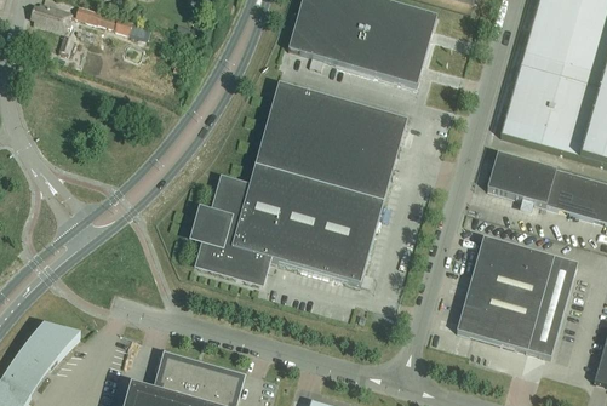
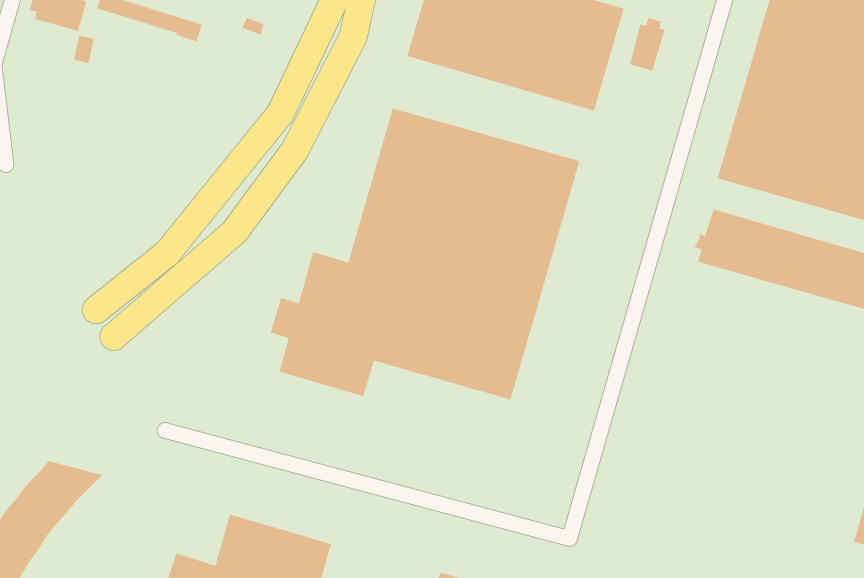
building: none -> [630,17,665,71]
building: [457,236,578,358] -> none

